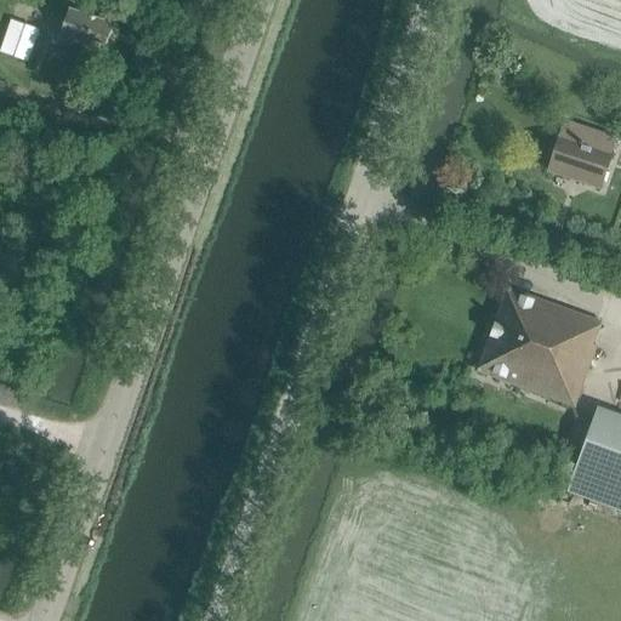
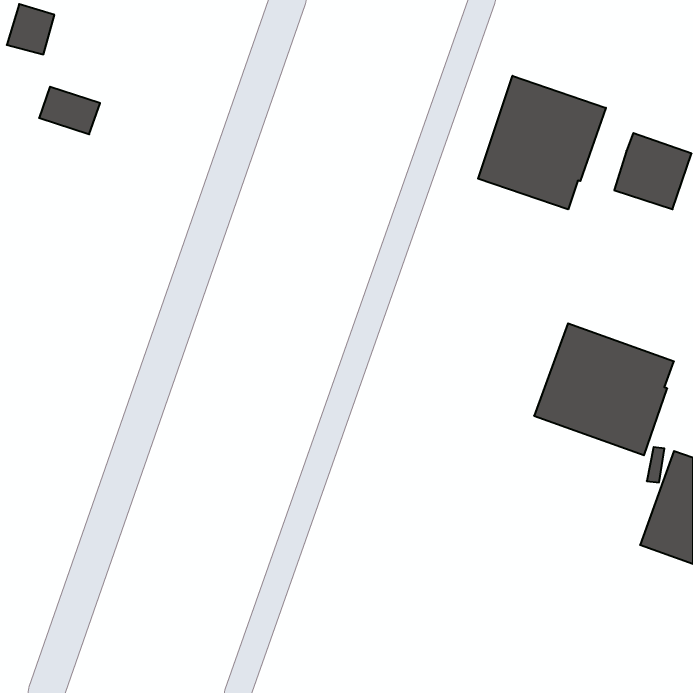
building: [58,10,113,52] -> [39,87,100,134]
building: none -> [478,76,606,209]

